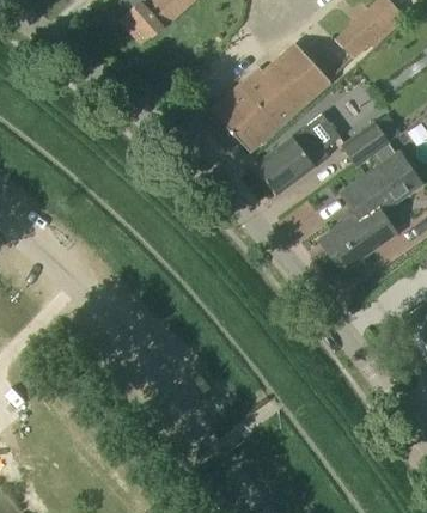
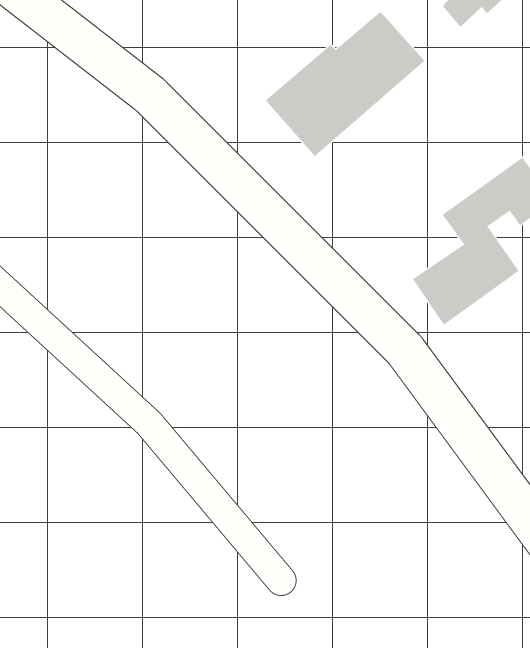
building: [254,114,340,195] -> none
building: [342,122,390,166] -> none

